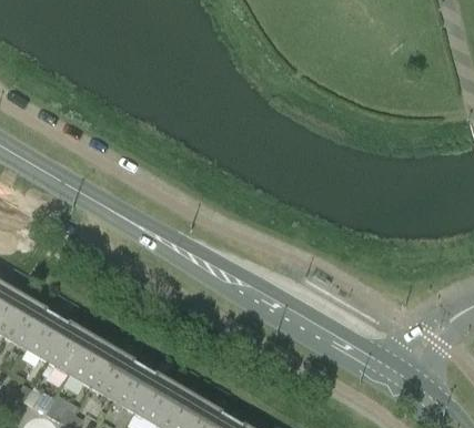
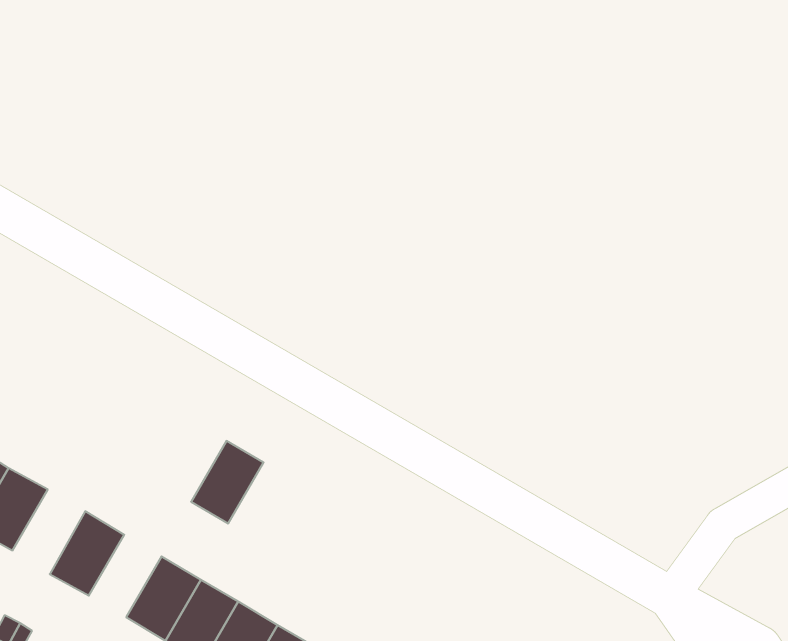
building: [27,313,68,360] -> none
building: [70,338,111,385] -> [191,441,264,523]

